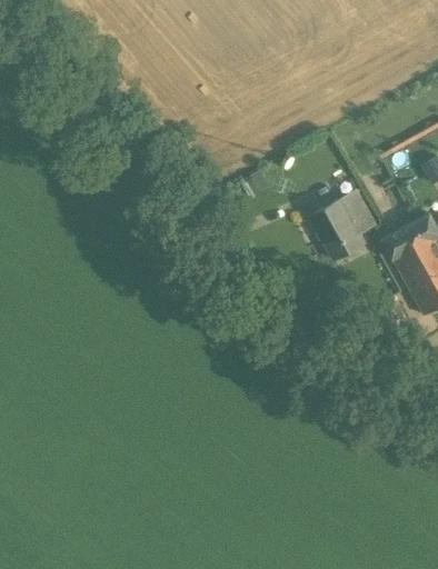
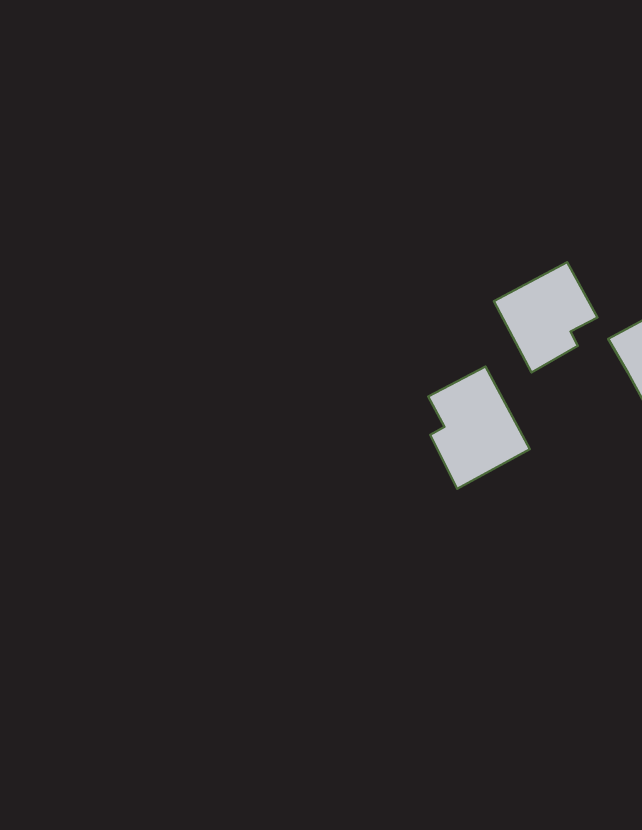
building: none -> [428,366,530,489]

